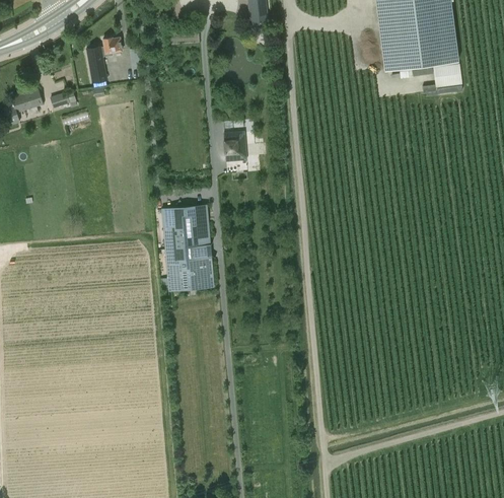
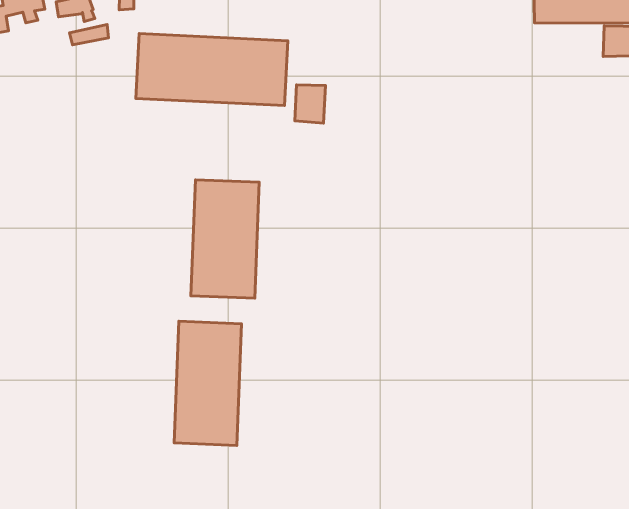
building: none -> [136,34,288,106]
building: none -> [174,321,242,445]

